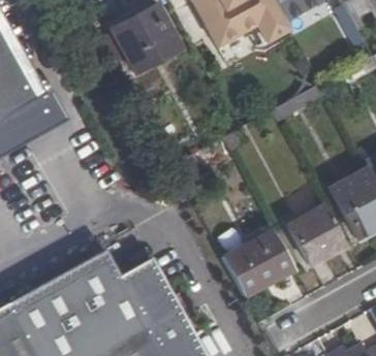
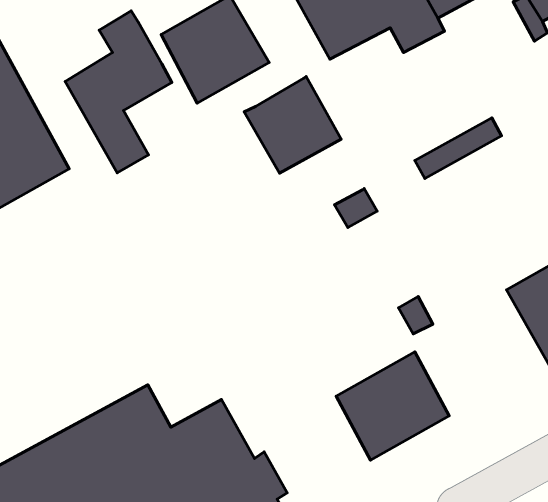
building: none -> [65,11,172,173]
building: none -> [244,77,341,173]
building: [289,206,345,262] -> none

